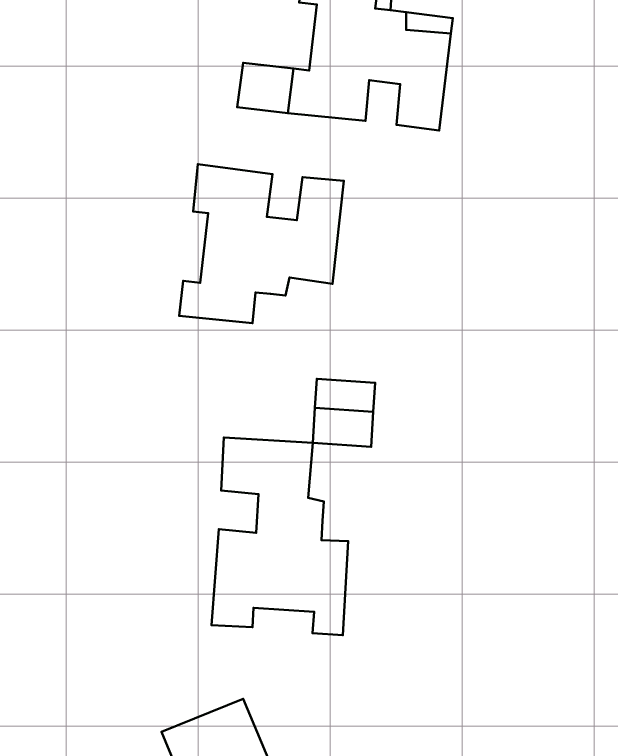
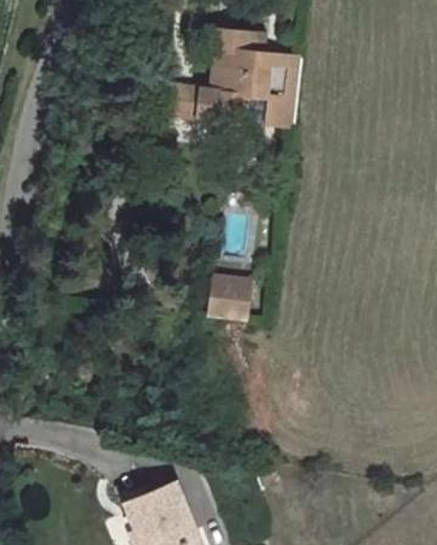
building: [179,164,344,323] -> none
building: [211,438,348,635] -> none

